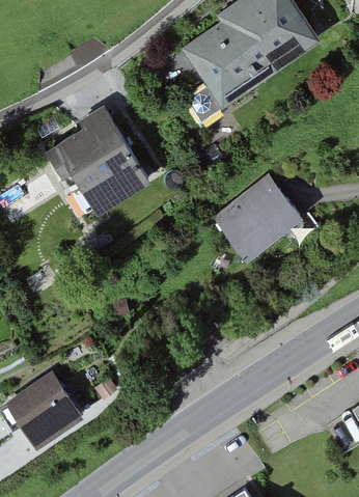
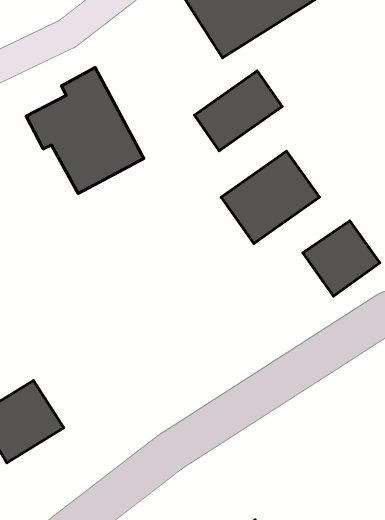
building: none -> [194,71,282,151]
building: none -> [303,221,380,296]

